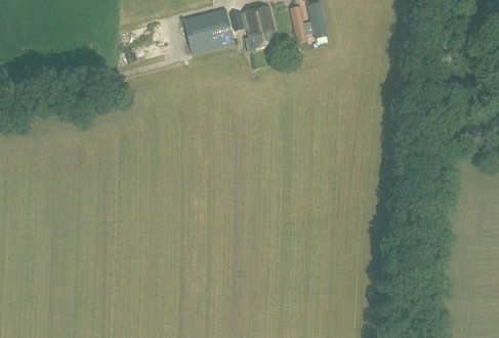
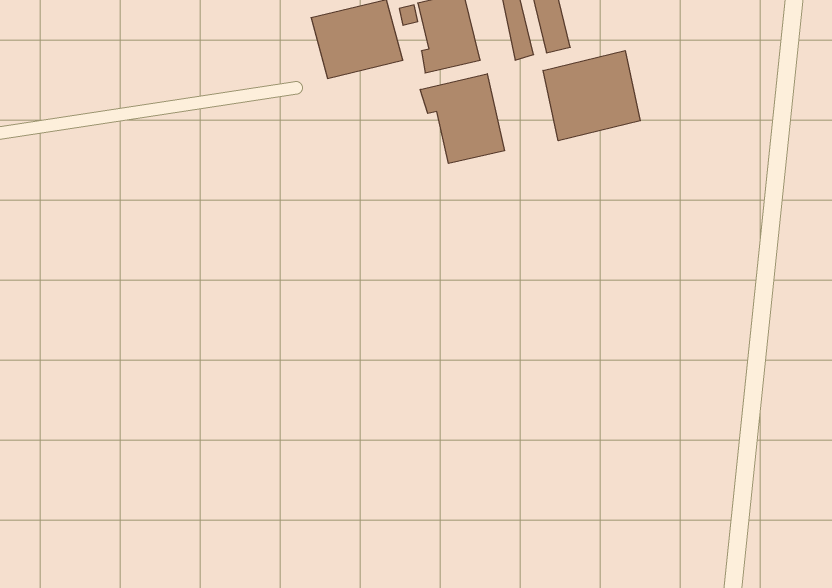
building: none -> [543,51,640,141]
building: none -> [420,74,504,163]

